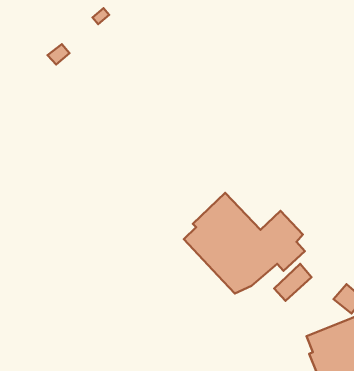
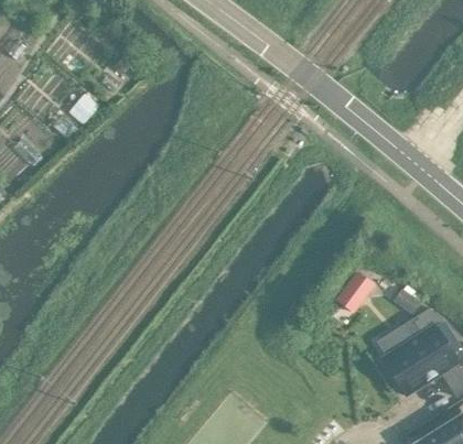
building: [184,193,305,294] -> none

